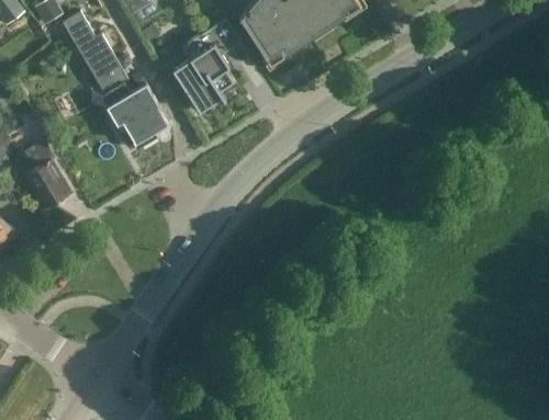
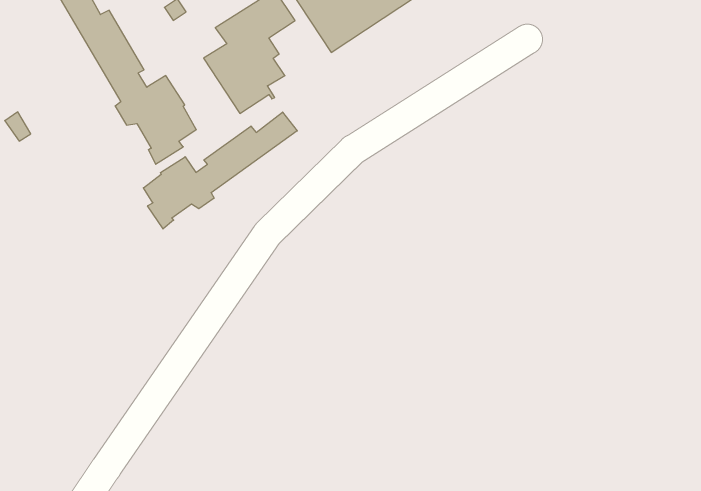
building: none -> [143,112,297,229]
building: [24,139,70,208] -> none

